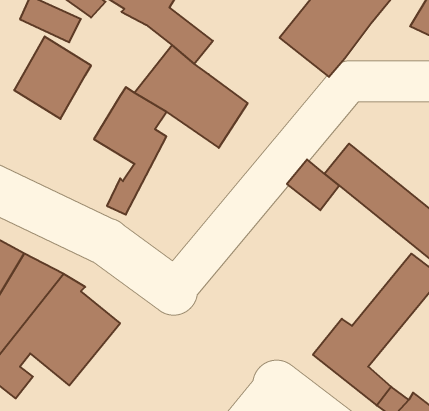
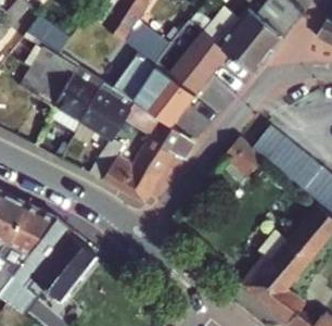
building: none -> [155,21,256,90]
building: none -> [50,73,100,131]
building: none -> [104,100,196,198]

